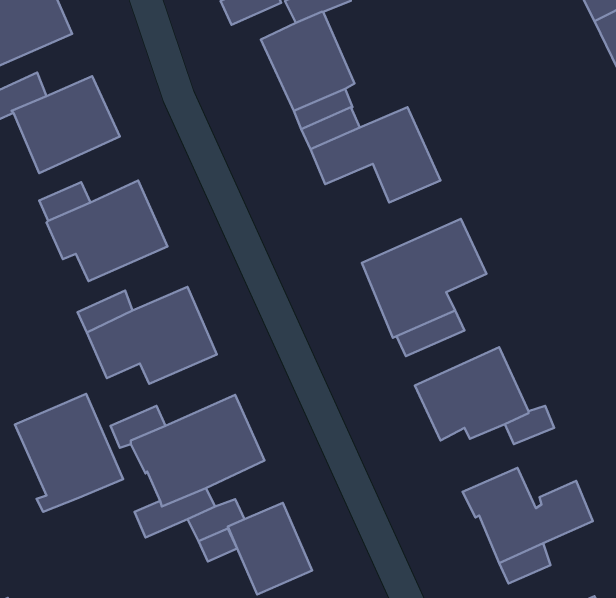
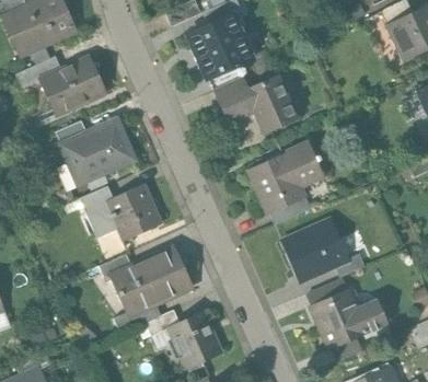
building: [15,394,123,512] -> none

